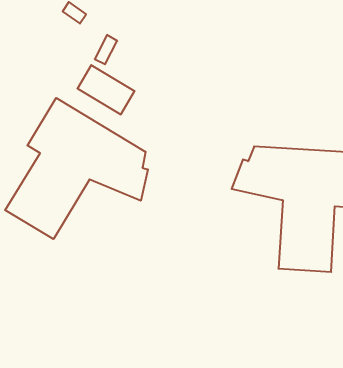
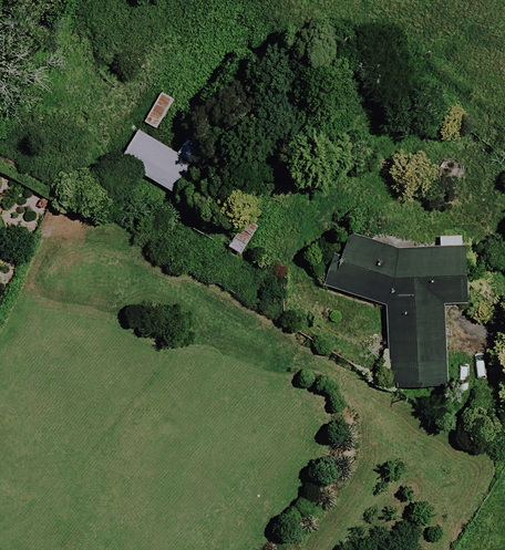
building: [5,98,148,239] -> none

